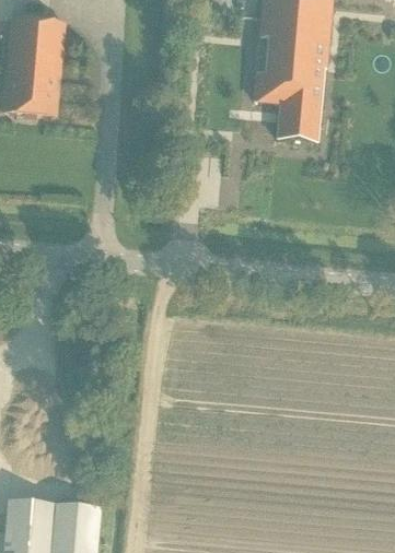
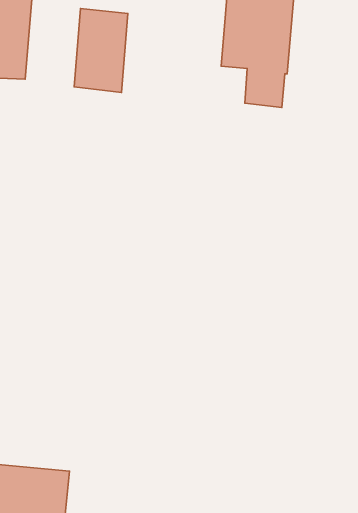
building: none -> [74,9,128,93]

